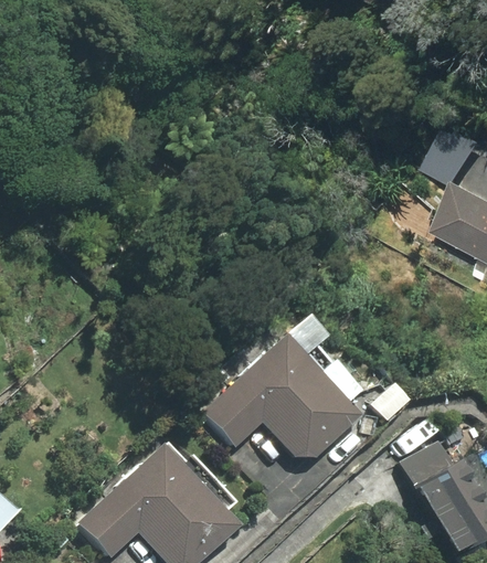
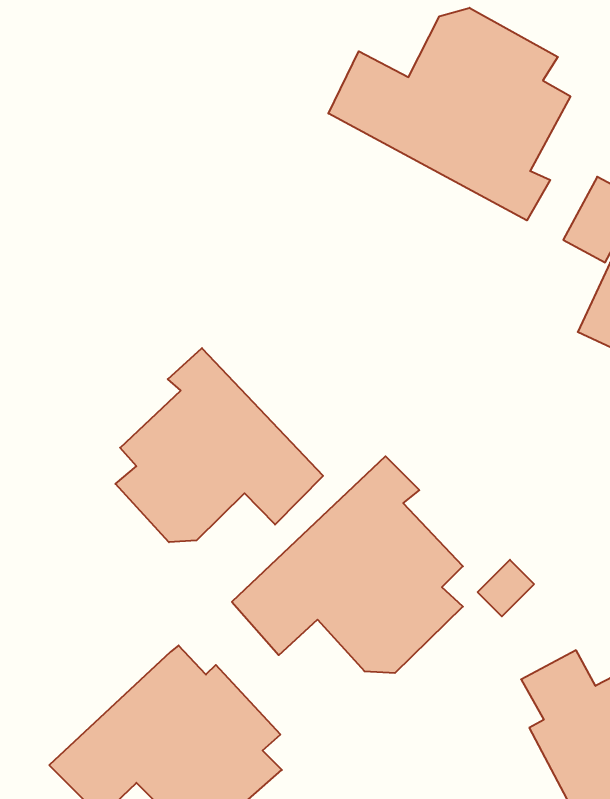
building: none -> [328,8,570,220]
building: none -> [115,348,323,542]

